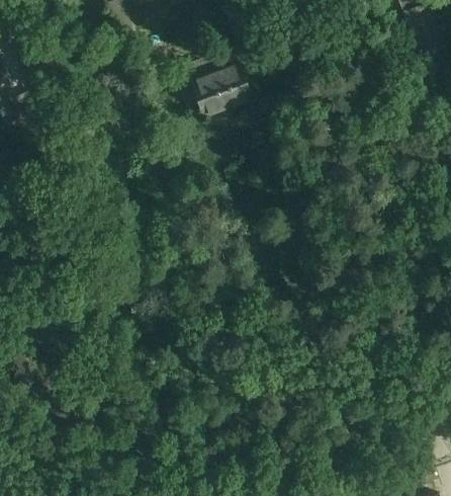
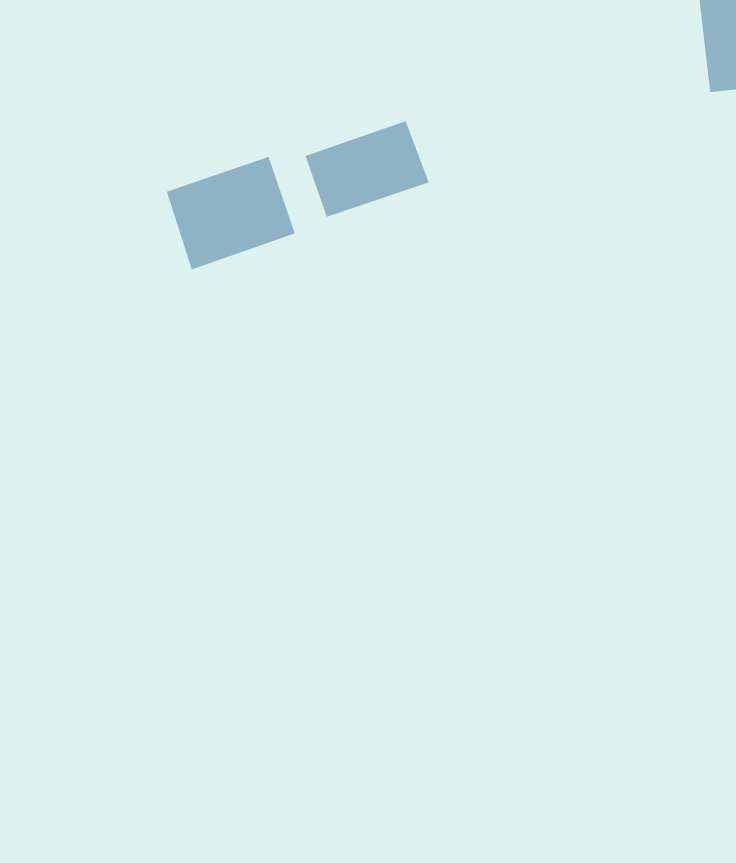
building: none -> [166,156,296,271]

